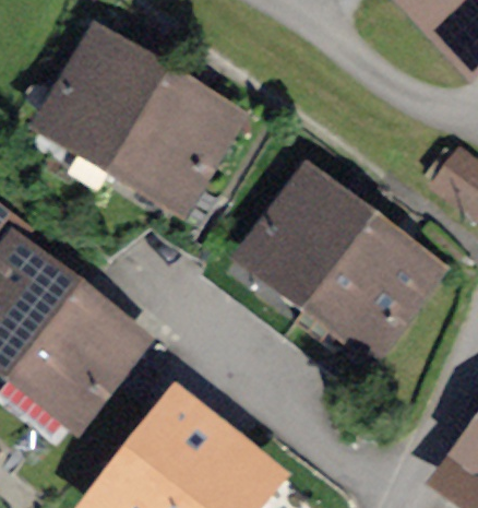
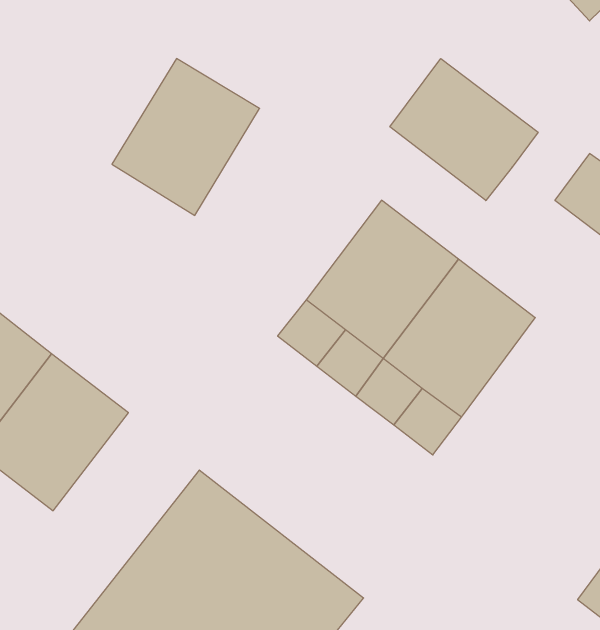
building: [56,40,163,153] -> none
building: none -> [390,59,538,201]

